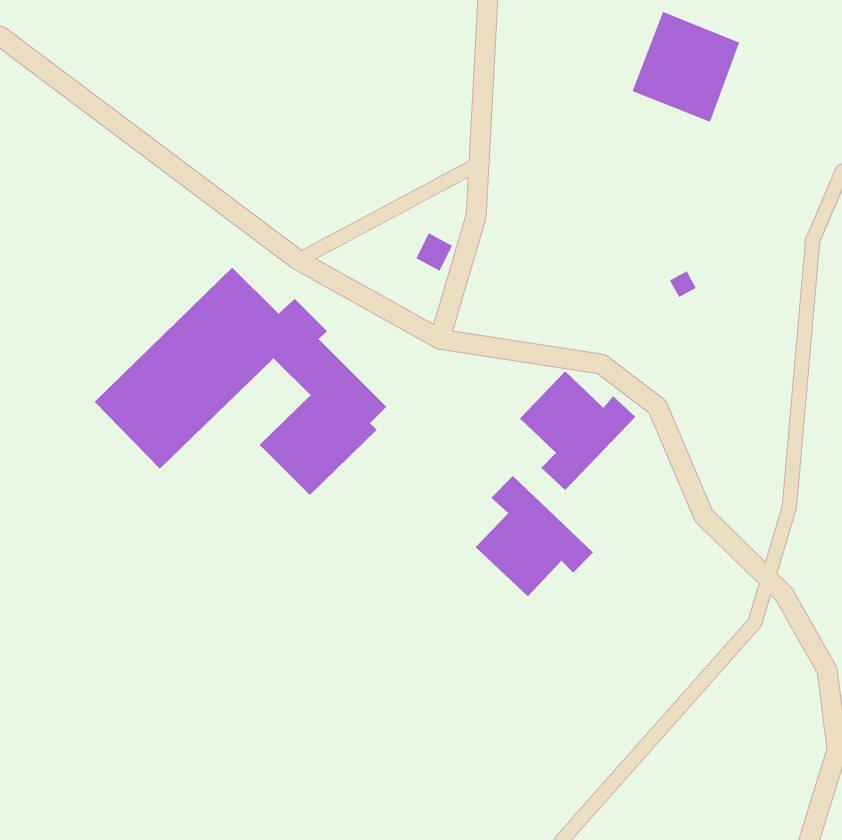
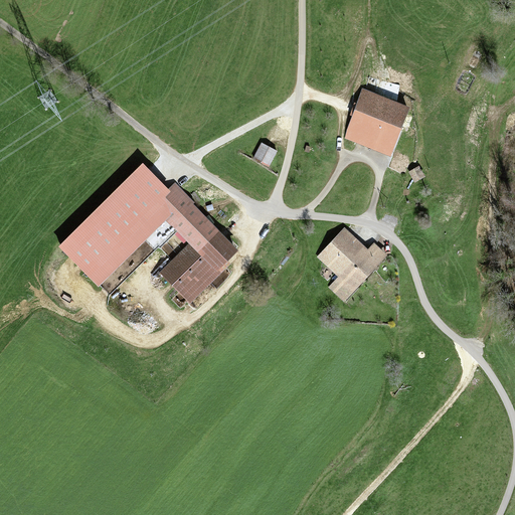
building: [631,11,740,123] -> [343,89,409,157]
building: [475,475,594,597] -> none

